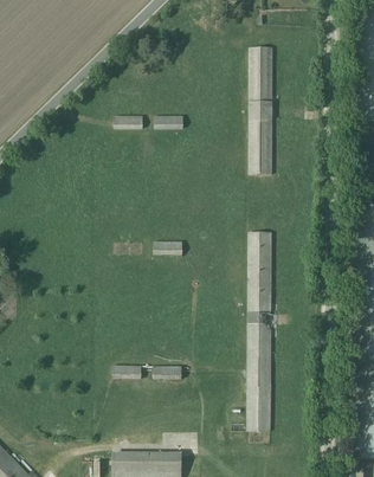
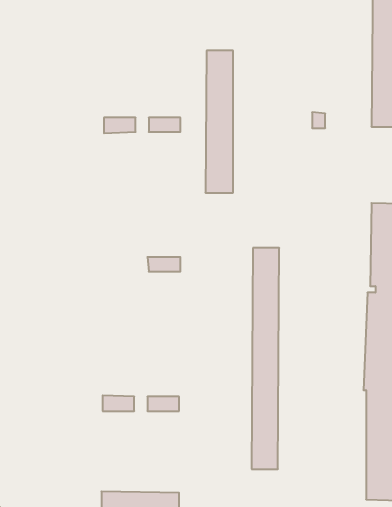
building: [249,47,273,175] -> [205,51,233,193]

